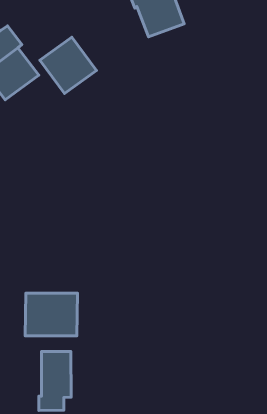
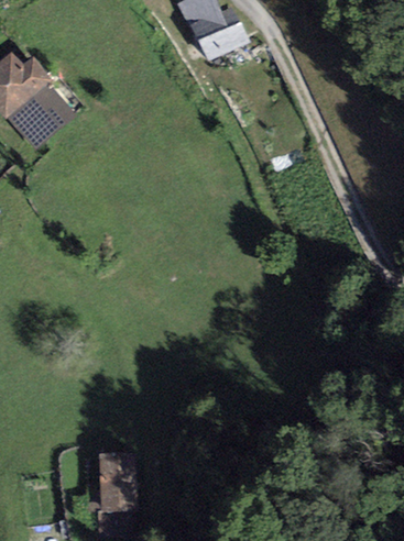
building: [40,37,97,93] -> none
building: [25,293,77,336] -> none

